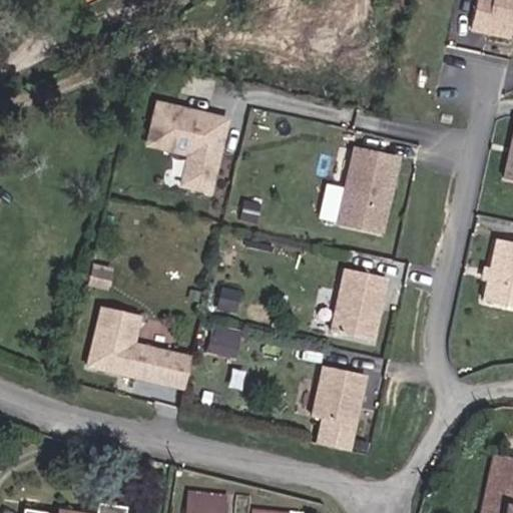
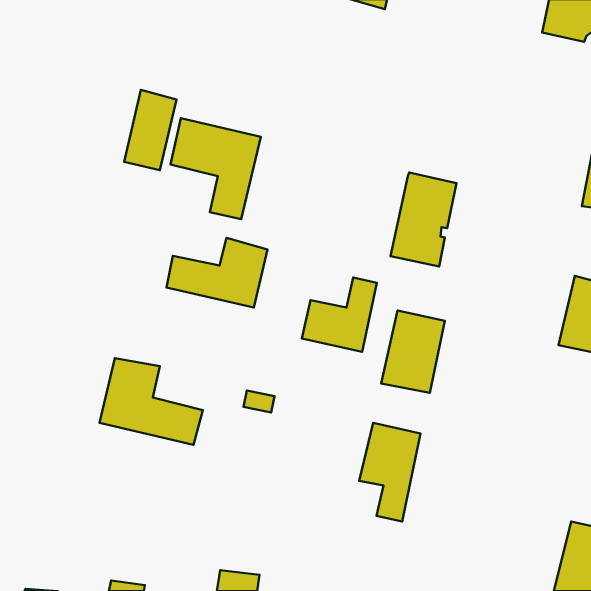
building: none -> [124,90,177,170]
building: none -> [167,238,267,308]
building: none -> [302,278,377,352]

